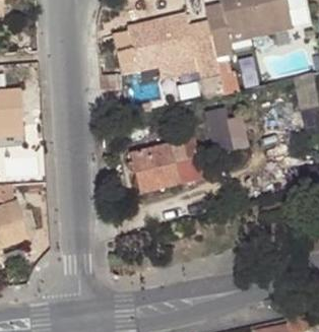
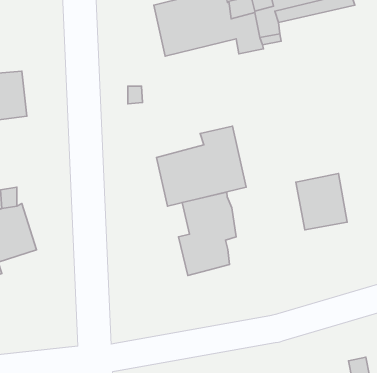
building: [206,107,248,152] -> [296,174,347,230]
building: none -> [179,192,236,275]

